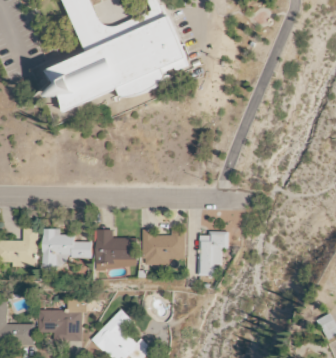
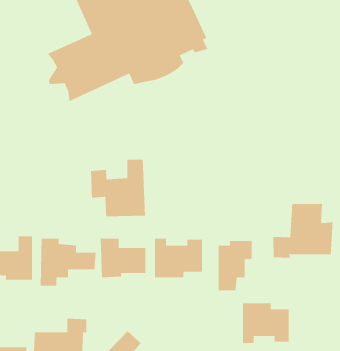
building: none -> [90,159,146,217]
building: none -> [272,203,333,258]
building: none -> [242,303,289,344]

